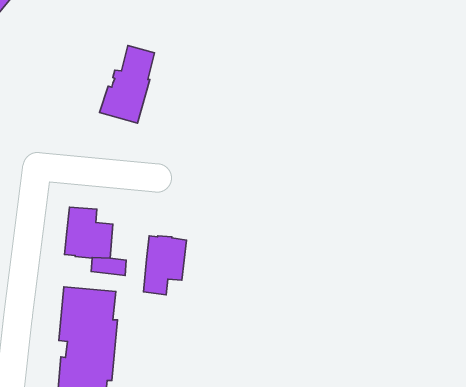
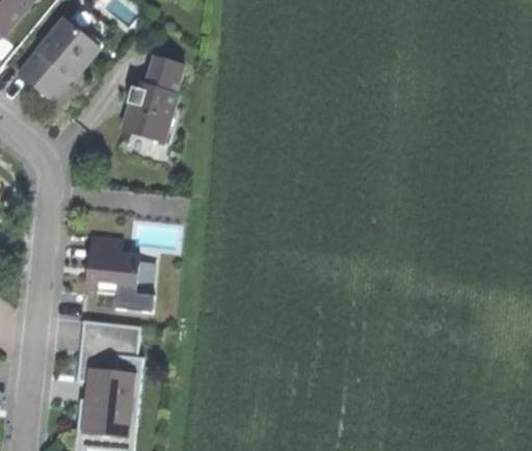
building: none -> [20,20,102,101]
building: [144,236,186,295] -> none

